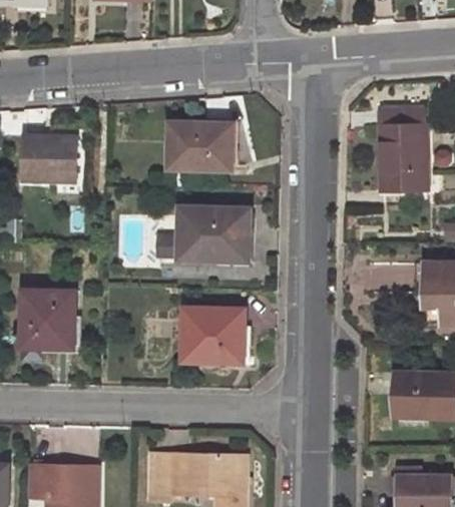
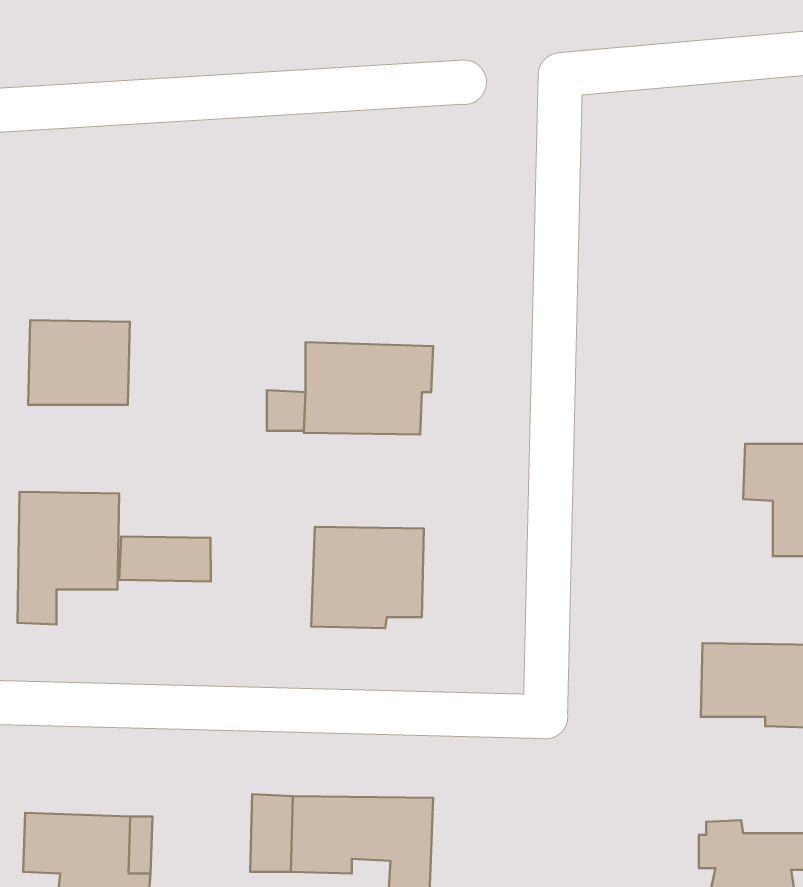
building: [380,105,423,187] -> none
building: [170,121,235,166] -> none
building: [22,135,77,181] -> [28,320,130,405]
building: none -> [119,536,211,582]

